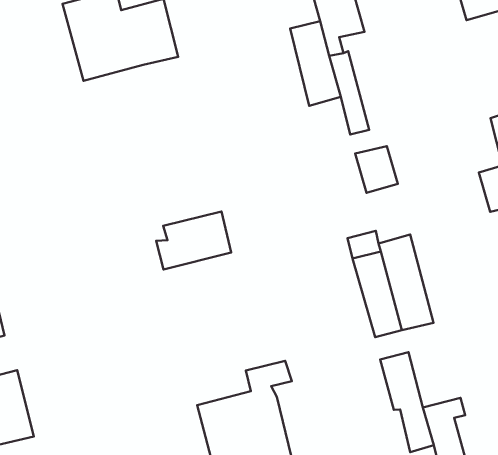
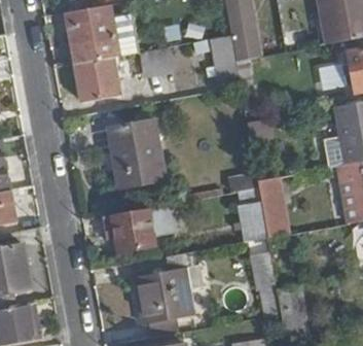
building: none -> [76,56,122,102]
building: none -> [113,122,157,160]
building: none -> [111,203,173,251]

